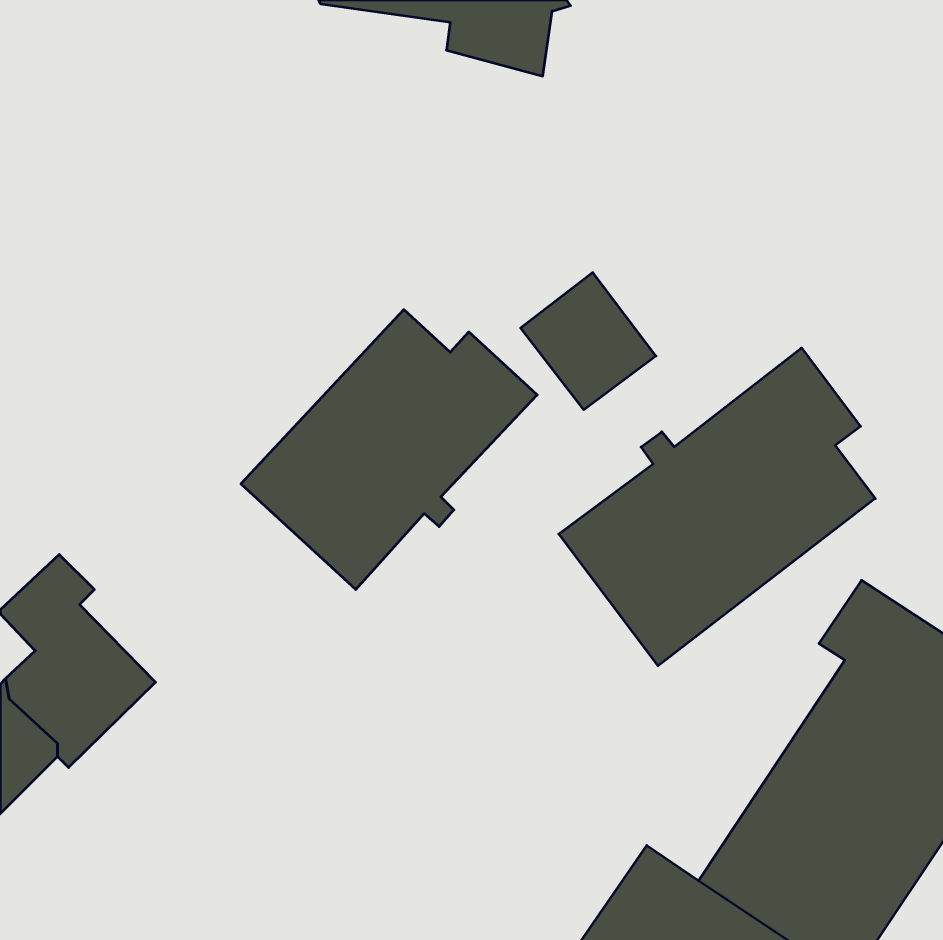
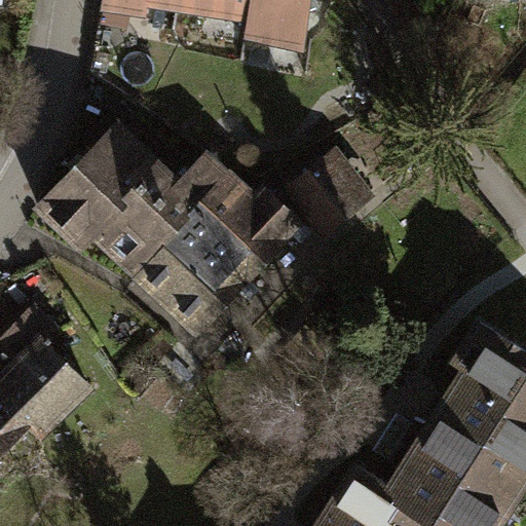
building: none -> [39,124,226,272]
building: [559,348,875,666] -> none

